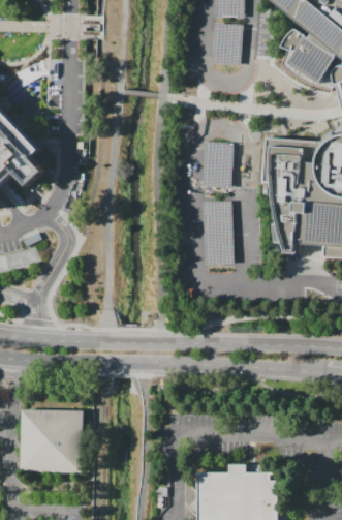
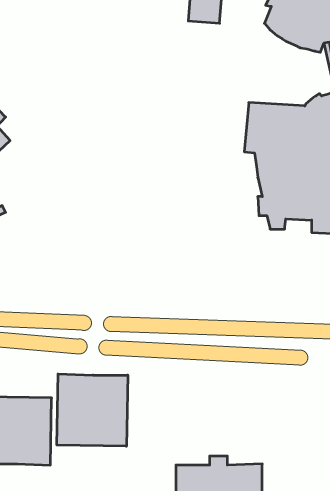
building: [200,141,231,187] -> none
building: [201,200,232,264] -> none
building: none -> [57,374,128,446]

